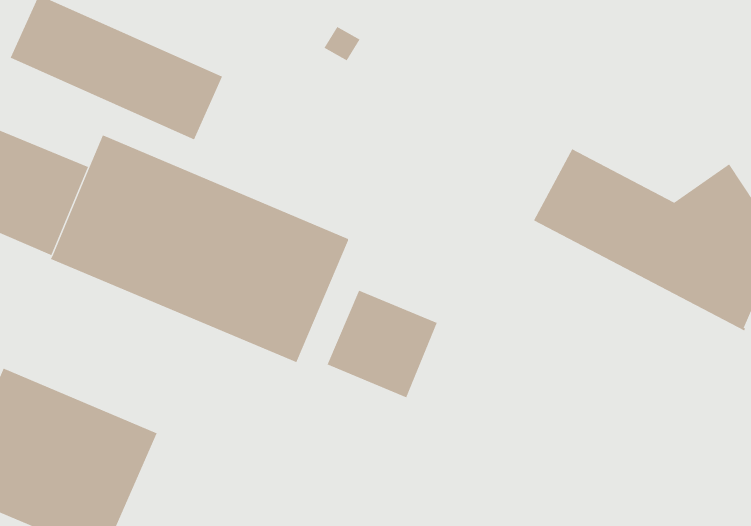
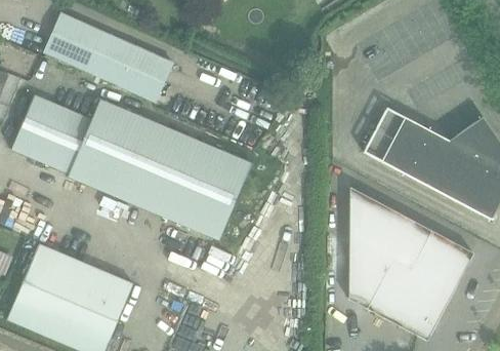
building: none -> [348,187,473,334]
building: [327,290,437,398] -> none

